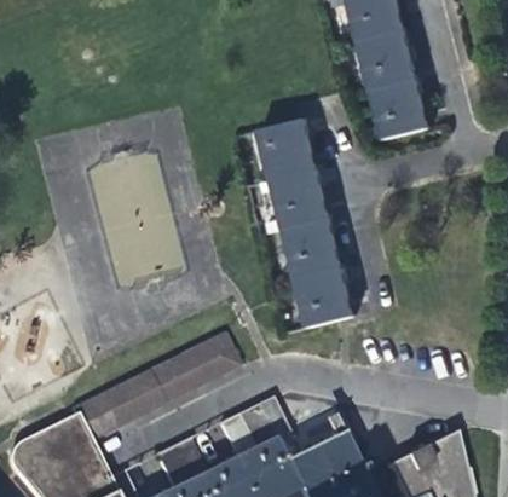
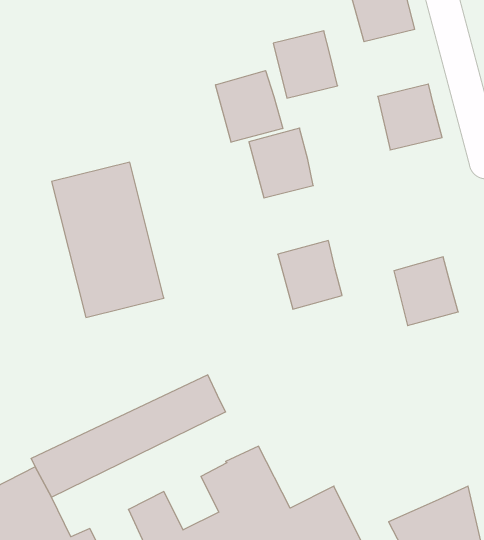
building: [360,31,417,91] -> [273,31,338,98]
building: none -> [216,71,283,142]
building: [272,169,329,230] -> none
building: [298,266,354,326] -> [394,257,458,326]

